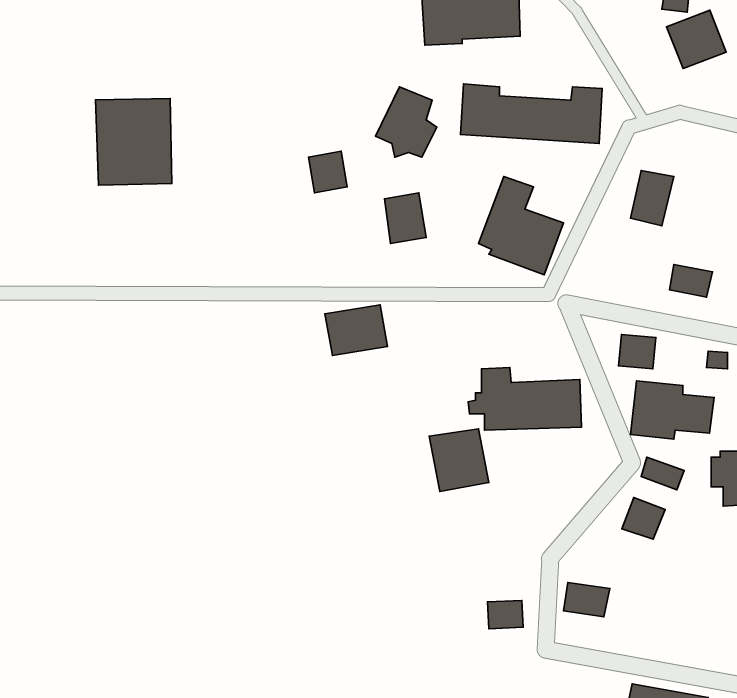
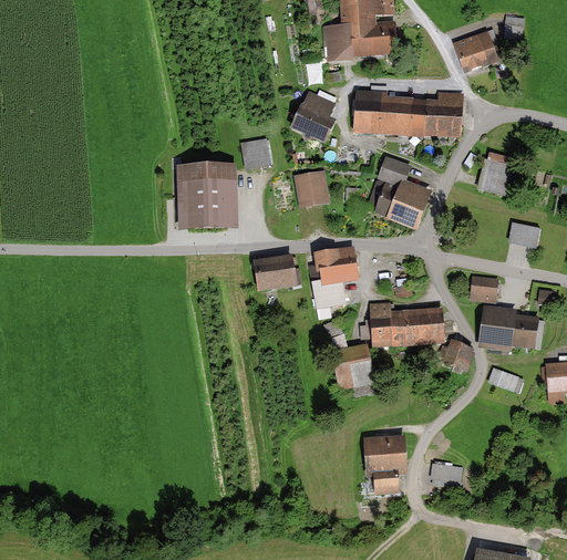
building: [667,10,726,69] -> [454,32,498,75]
building: [96,98,172,185] -> [177,167,234,231]
building: none -> [309,247,358,283]
building: [622,497,665,539] -> [441,339,473,370]
building: none -> [363,434,409,470]

